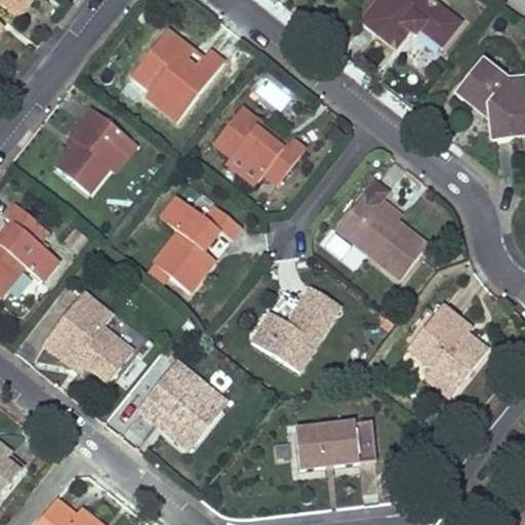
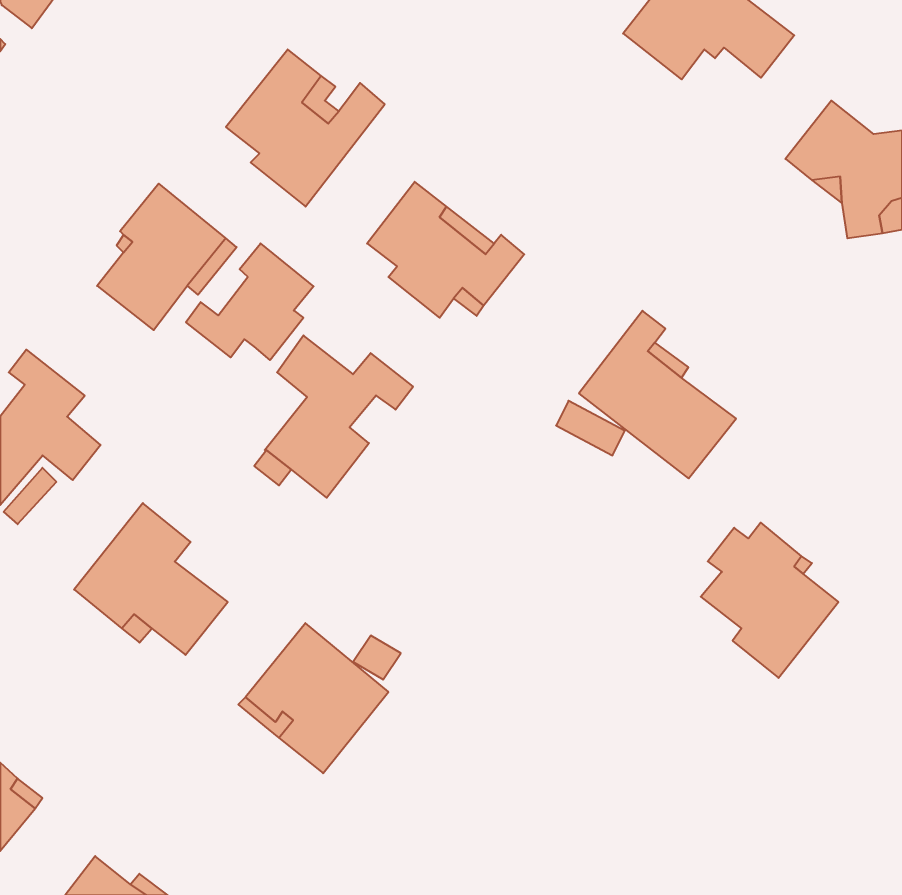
building: none -> [186,243,314,360]
building: [251,286,340,370] -> none
building: [294,419,376,469] -> none

